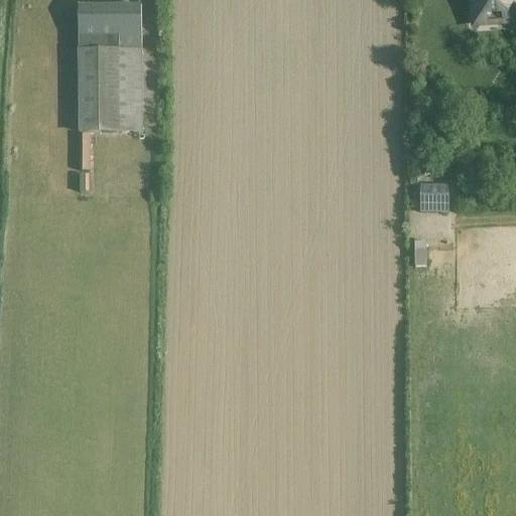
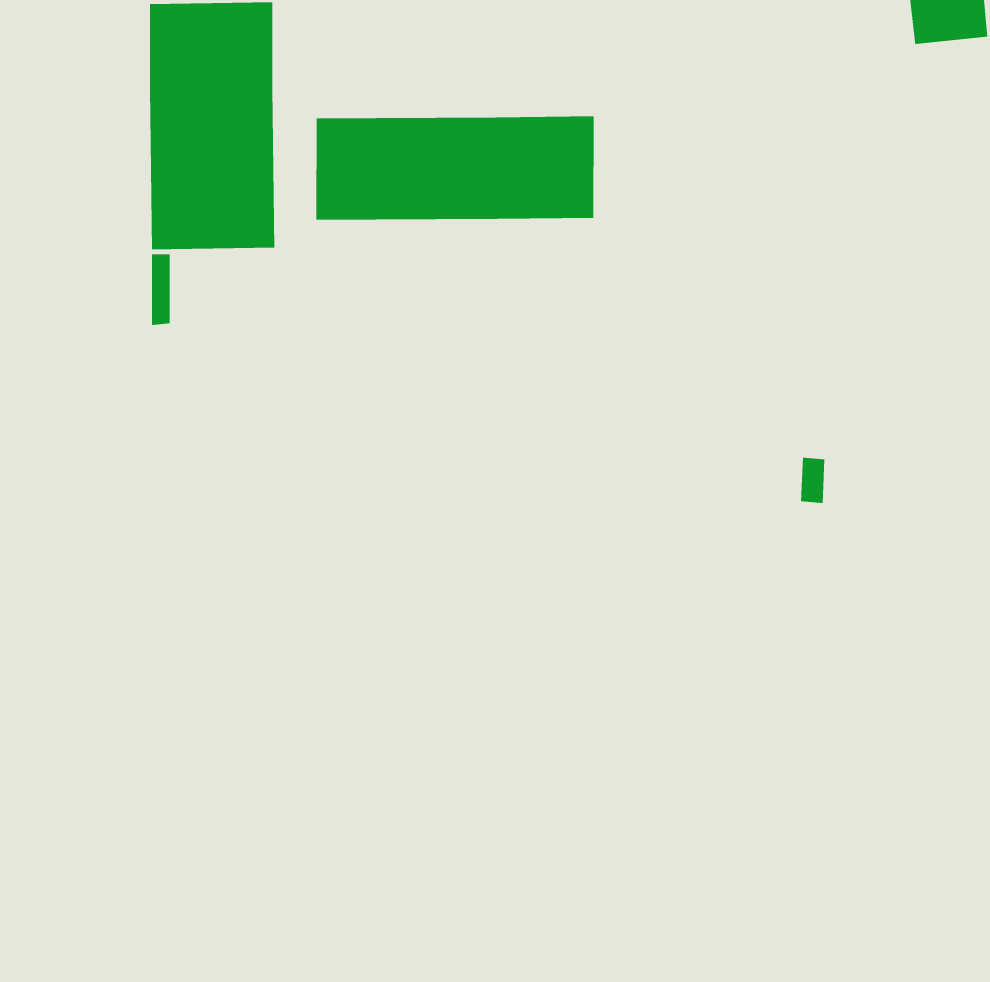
building: none -> [316,115,594,221]
building: [421,185,447,211] -> none

